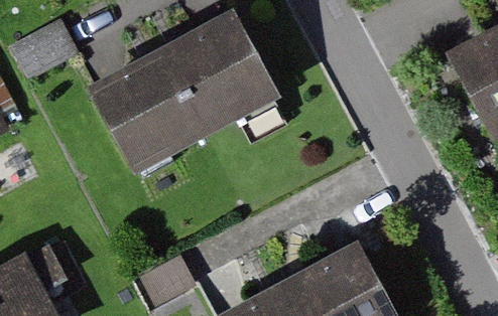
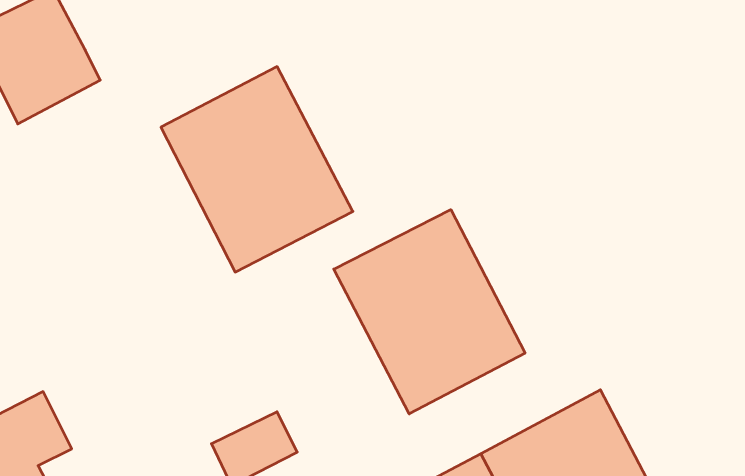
building: [167,13,282,135] -> none
building: none -> [334,210,525,414]

